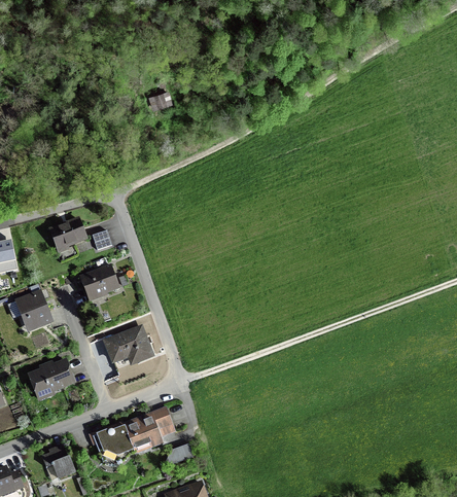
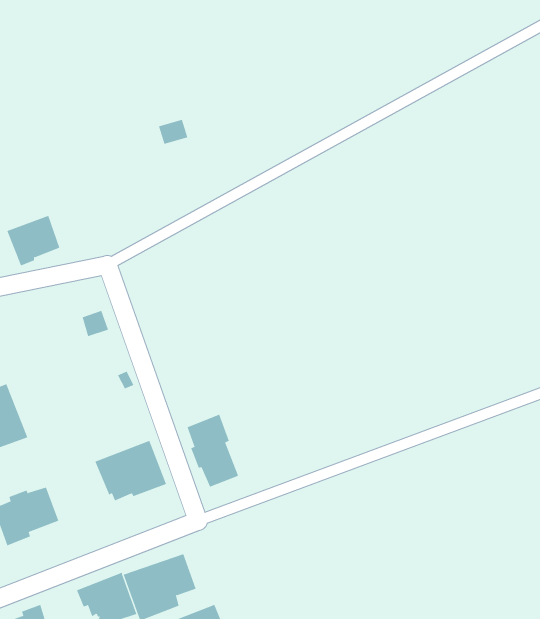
building: [48,216,87,253] -> [6,215,60,266]
building: [79,263,120,301] -> none
building: none -> [187,414,239,488]

